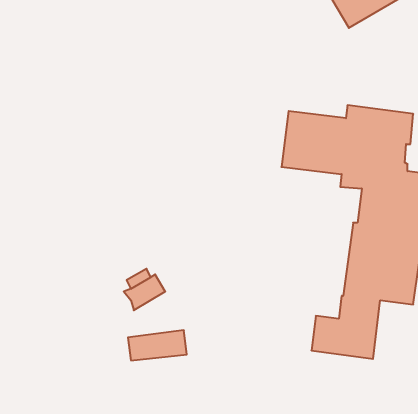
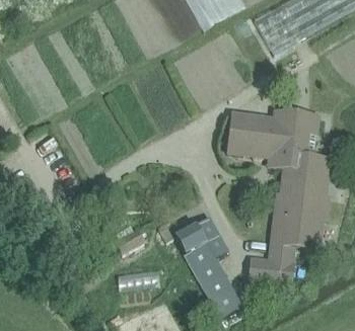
building: none -> [173,216,240,317]

